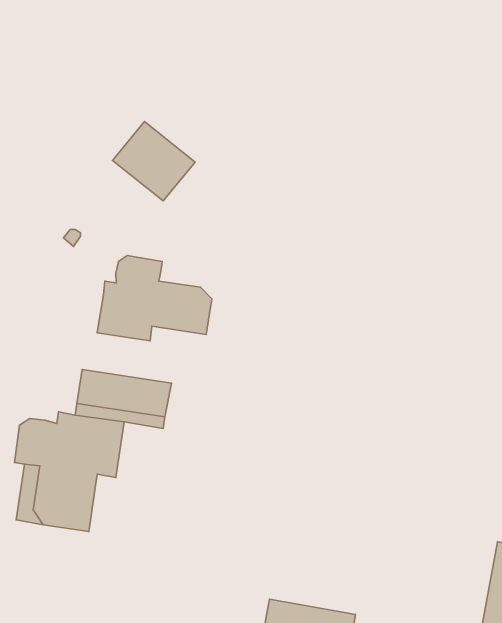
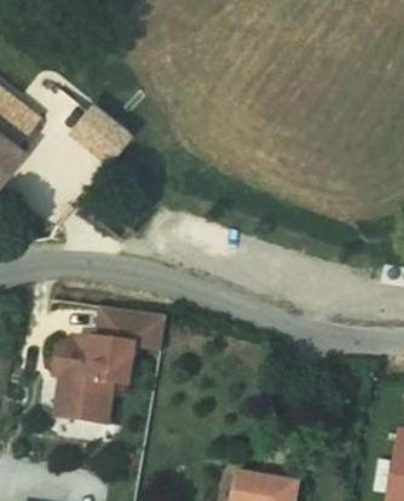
building: [112,122,195,201] -> [71,105,131,162]
building: [97,256,212,341] -> none

